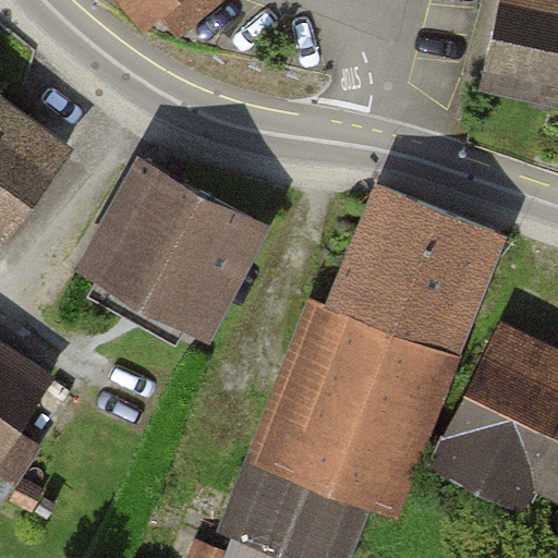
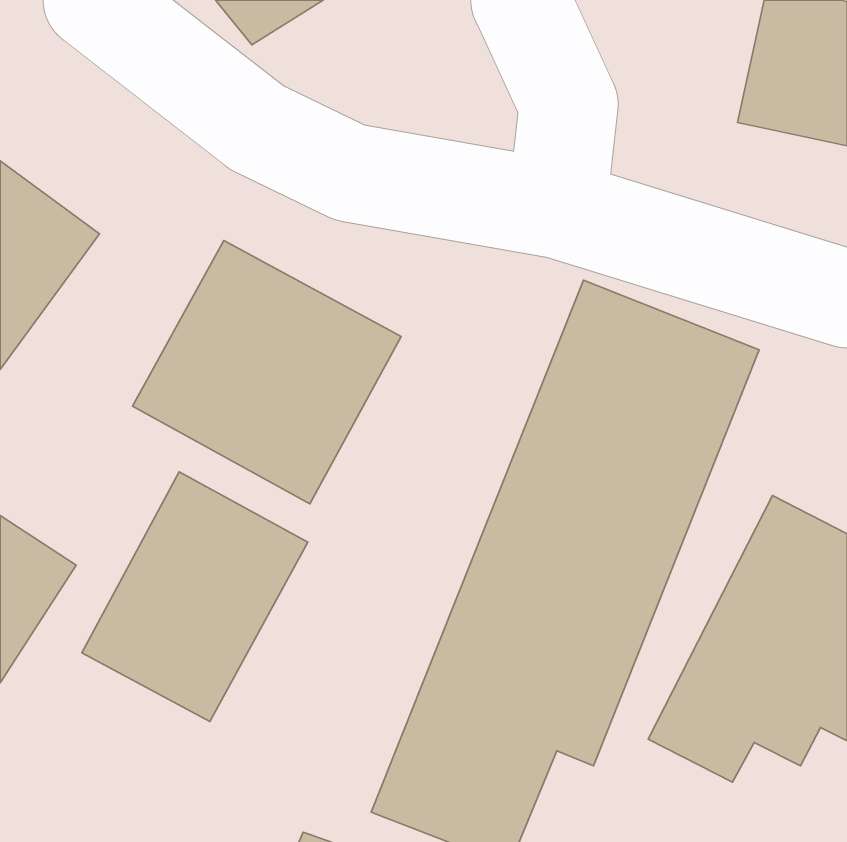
building: none -> [82,472,308,722]

